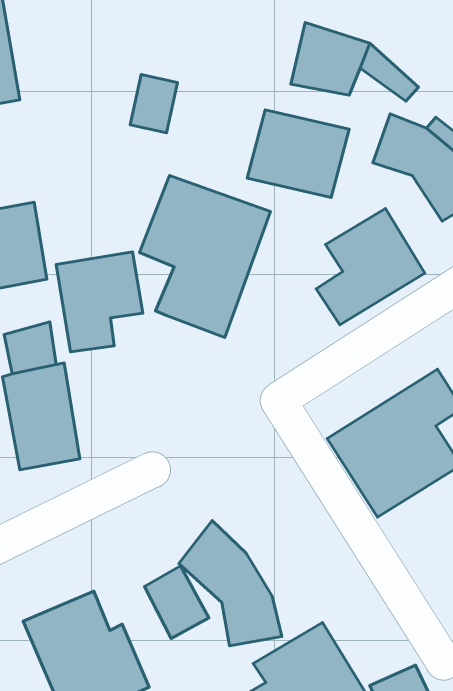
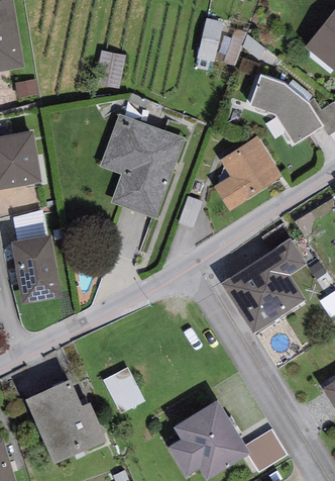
building: [247,110,349,198] -> none
building: [56,252,143,352] -> none
building: [179,521,282,646] -> none

